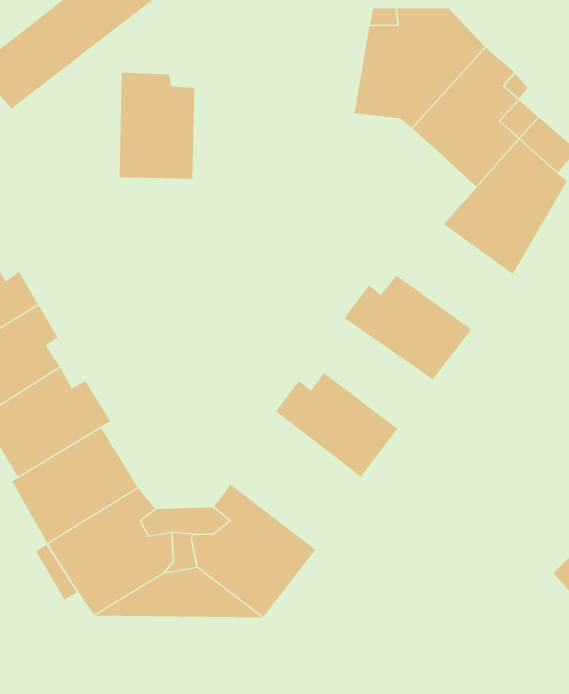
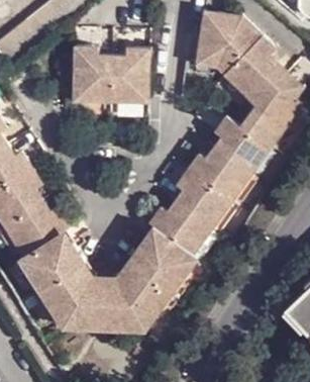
building: none -> [106,50,143,104]
building: none -> [211,120,272,181]
building: none -> [174,175,230,232]
building: none -> [125,226,197,295]

